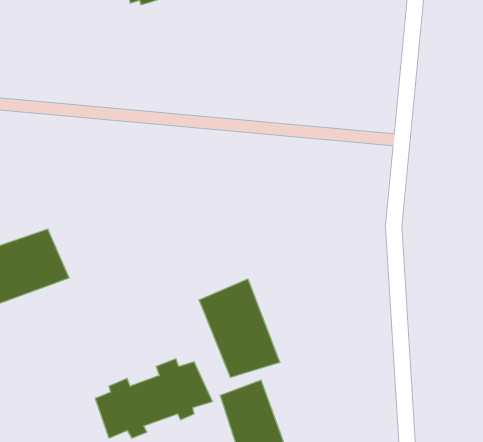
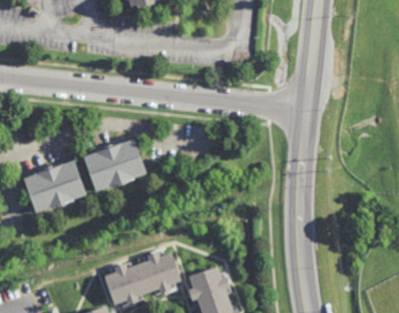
building: none -> [83,140,144,194]
building: [199,279,280,377] -> none

